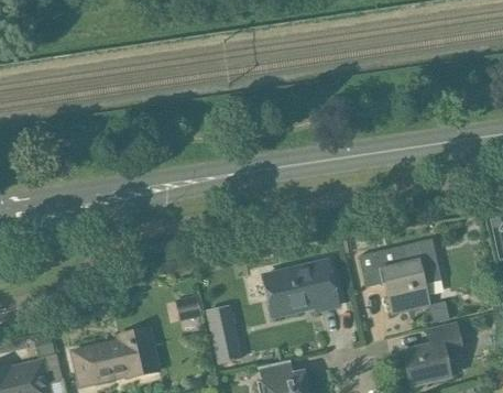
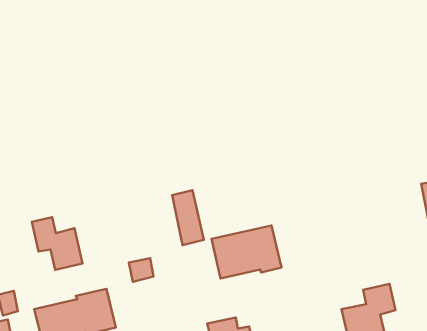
building: [359,239,442,314] -> none
building: none -> [32,217,83,270]
building: [207,305,241,364] -> [172,190,204,245]

